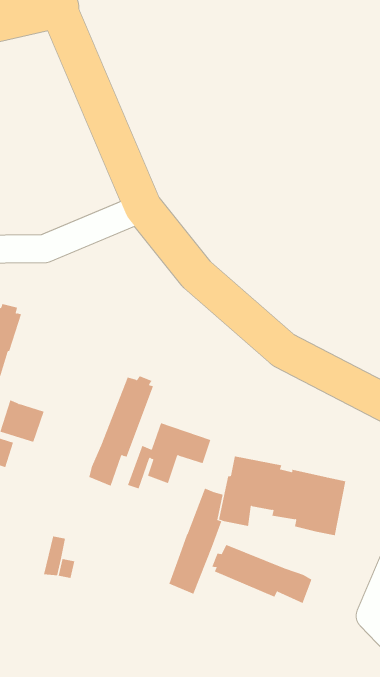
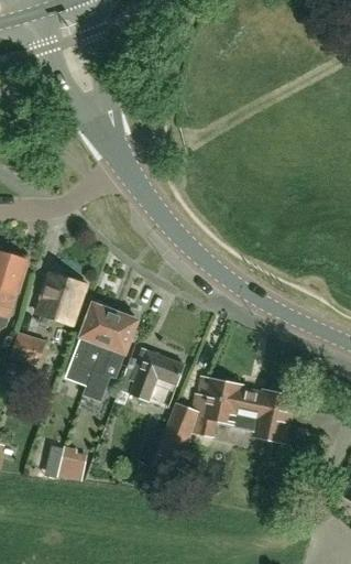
building: none -> [37,270,85,325]
building: none -> [65,300,114,386]
building: [212,544,312,604] -> none

